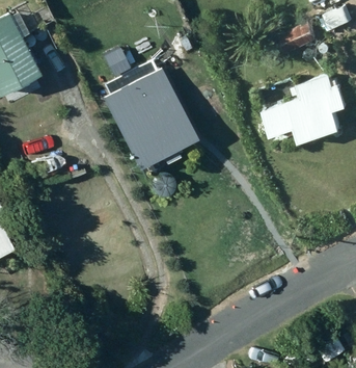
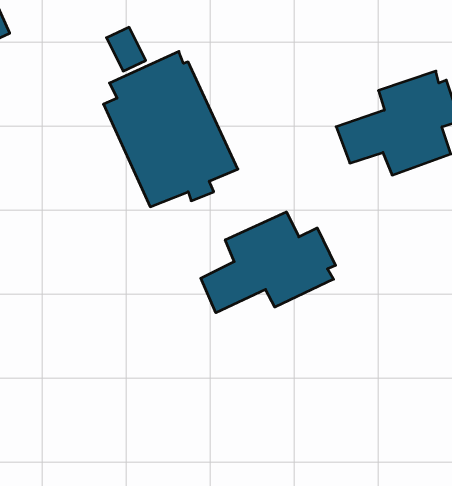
building: none -> [201,212,336,313]

